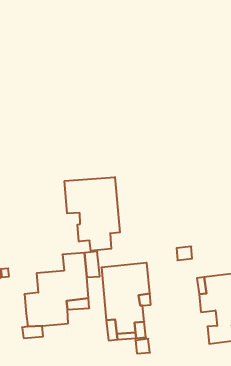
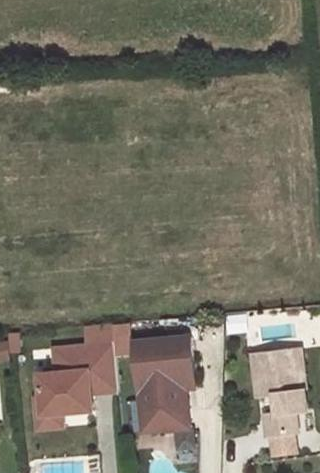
building: [65,177,120,251] -> none

